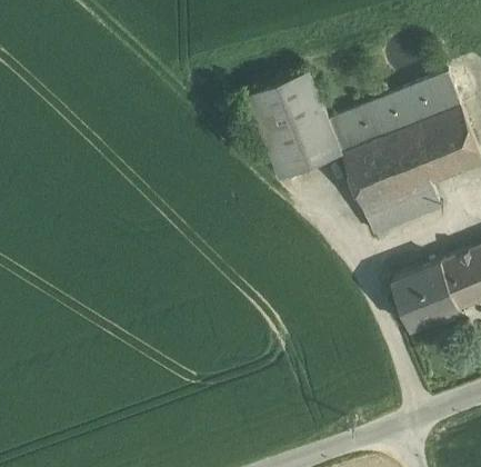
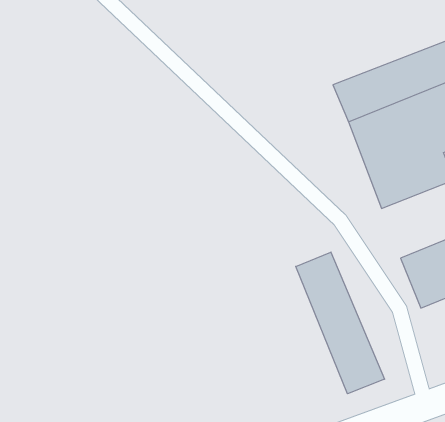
building: [247,70,342,178] -> none
building: none -> [296,252,385,394]

